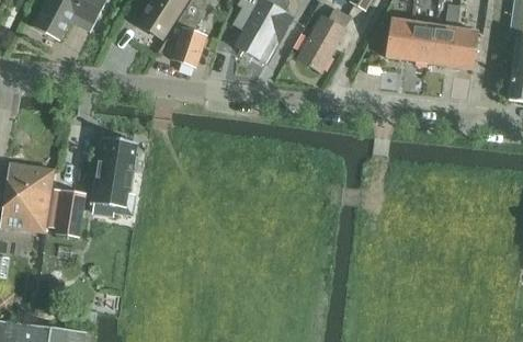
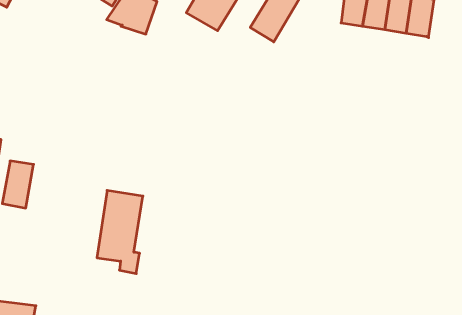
building: [92,138,137,219] -> [97,190,143,274]

